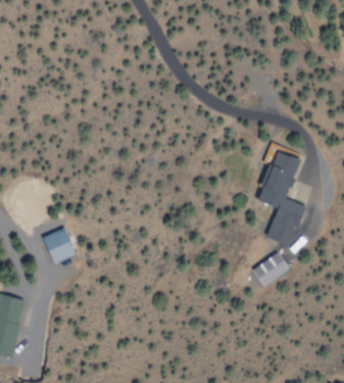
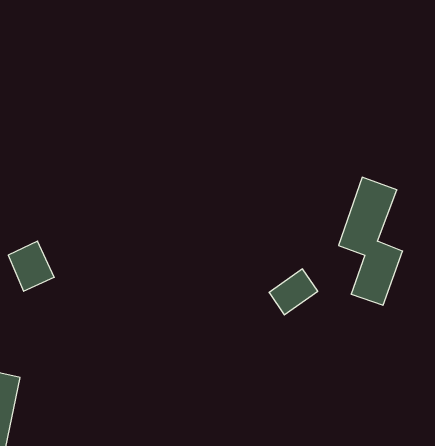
building: [42,227,76,264] -> [8,241,54,291]
building: [256,250,292,284] -> [269,269,318,315]

